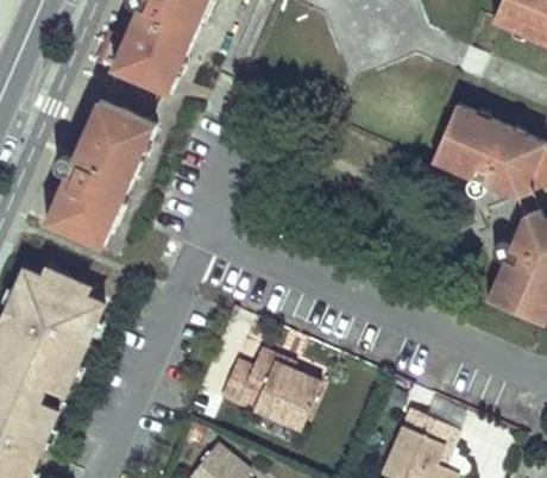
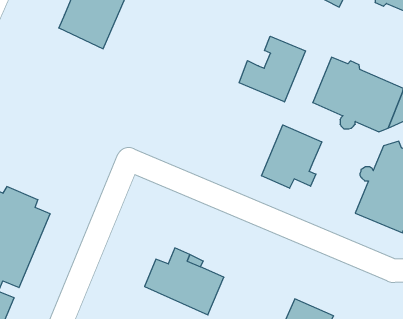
building: none -> [239,36,305,102]
building: [44,98,156,249] -> none
building: none -> [262,125,322,188]

